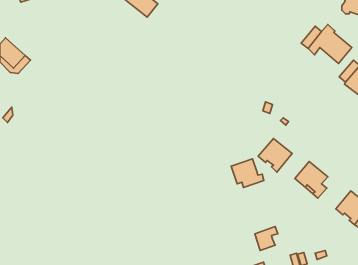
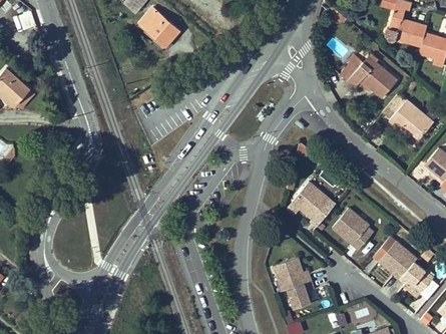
building: [231,159,264,187] -> [274,258,311,290]

